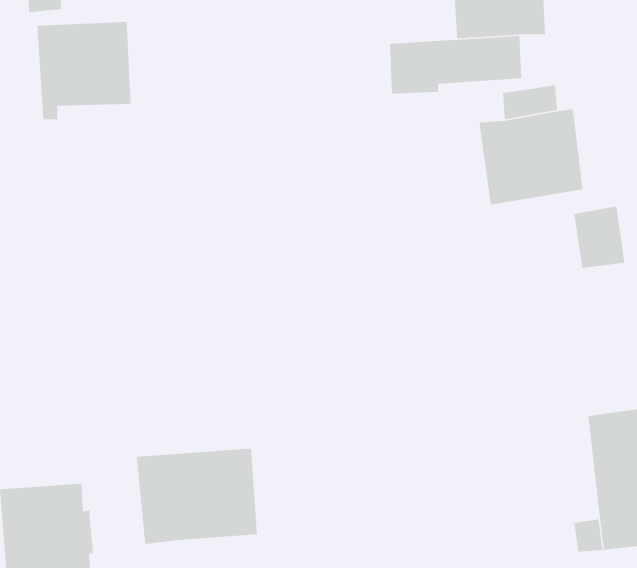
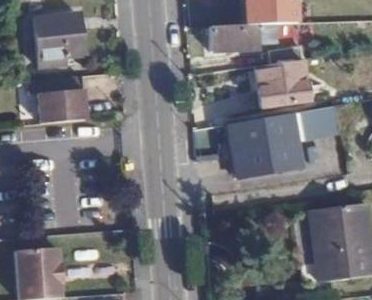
building: none -> [32,76,85,124]
building: none -> [227,114,301,178]
building: [136,448,258,545] -> none

